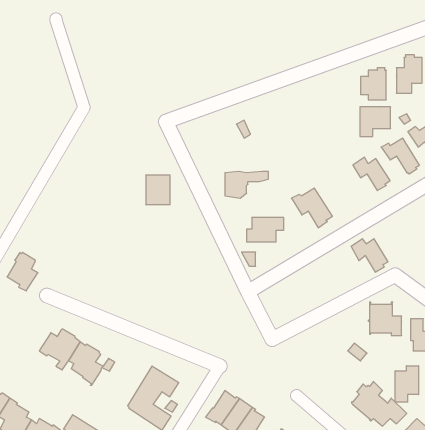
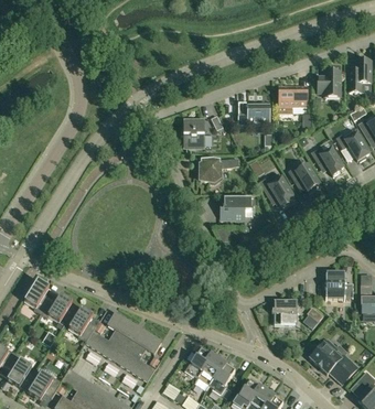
building: none -> [238,101,269,122]
building: [360,107,391,136] -> [280,86,307,111]
building: [146,175,170,205] -> [183,120,204,146]
building: [351,239,388,272] -> [288,163,320,192]
building: [7,252,38,291] -> [24,279,51,312]
building: none -> [271,300,297,323]
building: none -> [86,311,138,359]
building: [395,366,419,402] -> none

